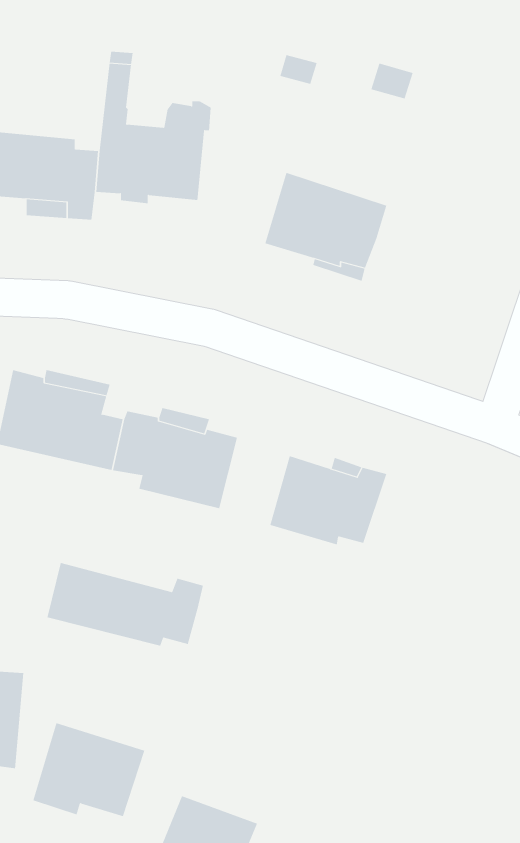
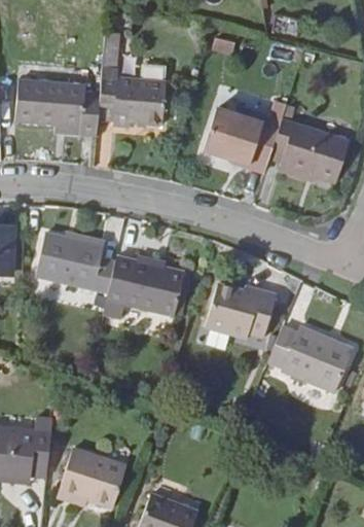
building: none -> [272,118,351,183]
building: none -> [267,324,354,392]
building: [47,562,203,646] -> none

